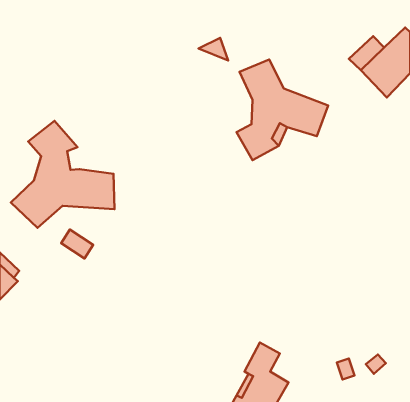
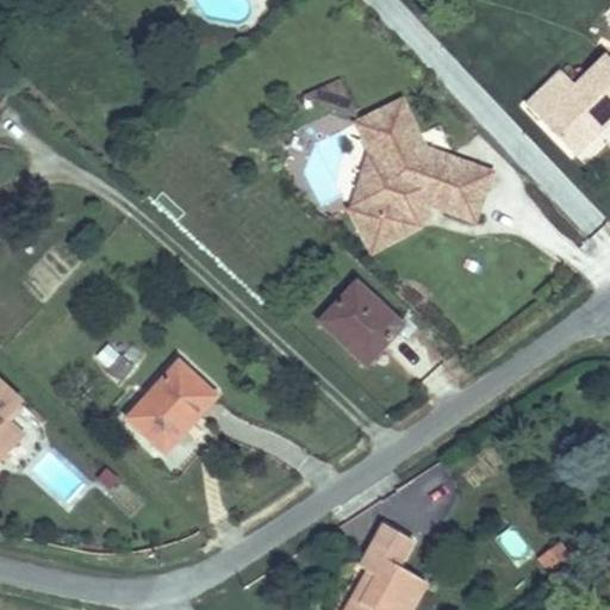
building: [11,121,115,228] -> none
building: none -> [317,276,404,357]
building: none -> [135,369,229,462]

